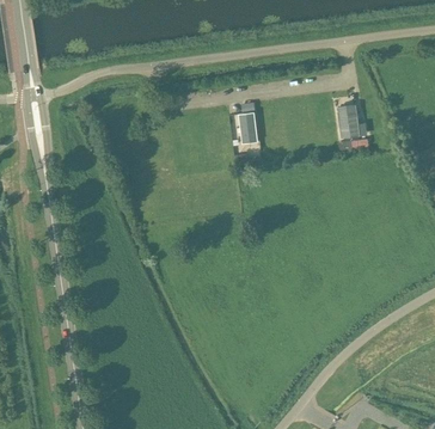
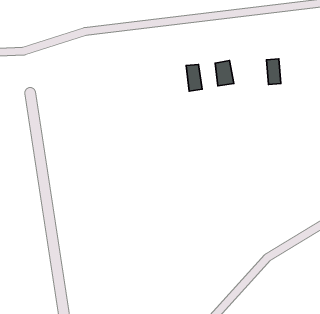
building: none -> [215,60,234,86]

